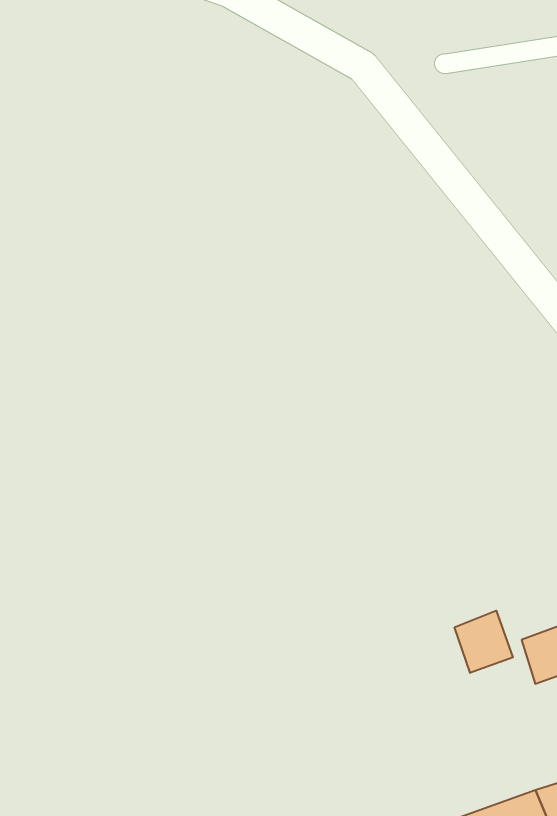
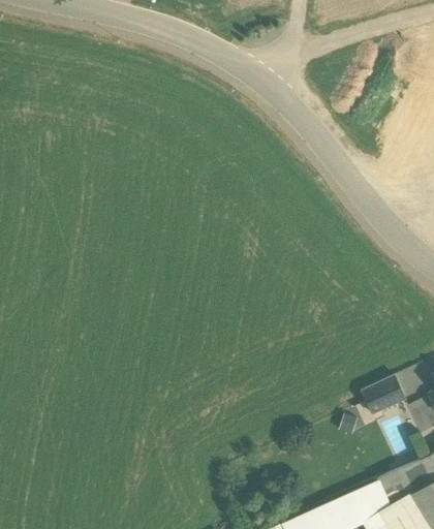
building: [455,611,513,673] -> none

